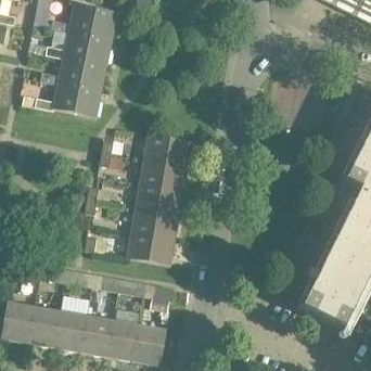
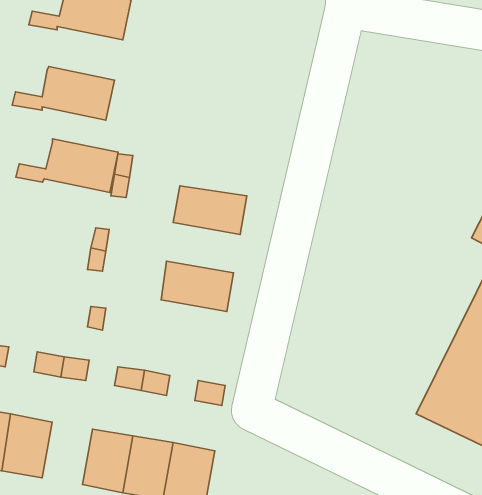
building: [40,55,106,90] -> [16,139,118,192]
building: [143,133,191,165] -> none
building: [135,182,182,215] -> none
building: [127,232,174,265] -> none
building: [54,311,87,351] -> none

